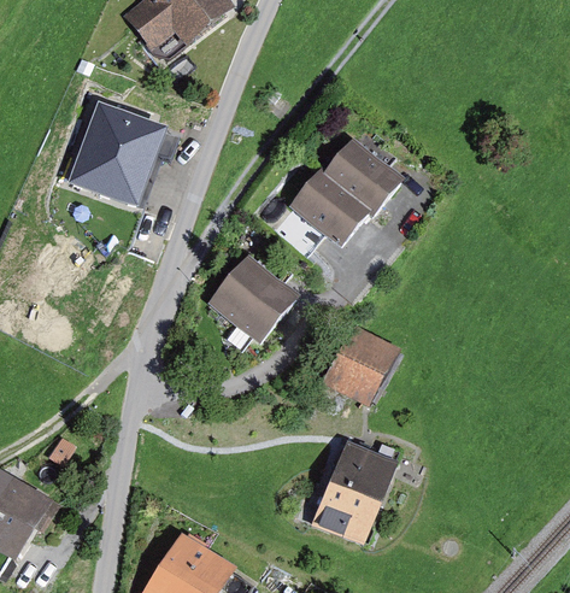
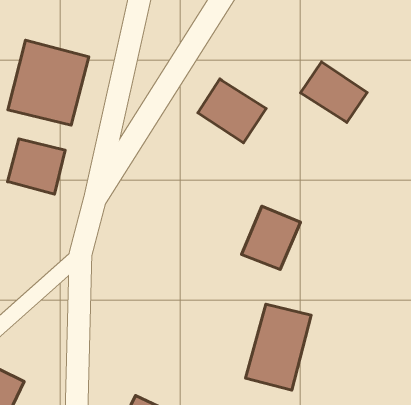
building: [323,139,401,213] -> [300,62,367,122]
building: none -> [8,139,65,194]
building: [208,254,296,341] -> none

